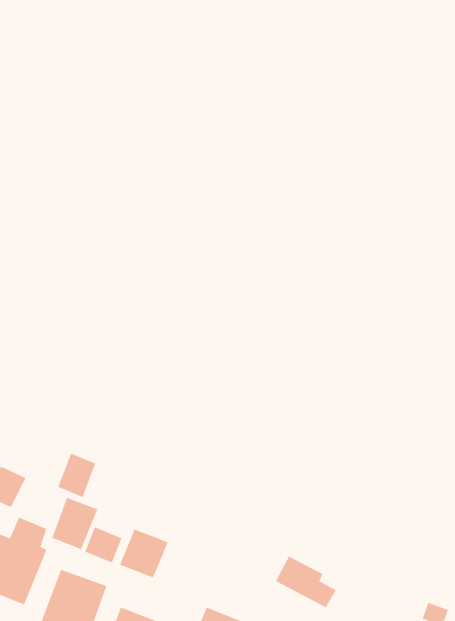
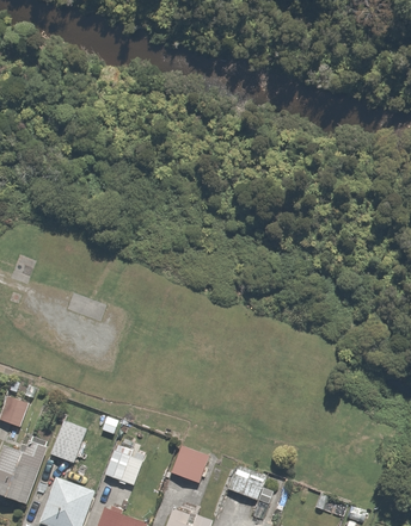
building: [58,453,96,498] -> none
building: [85,527,122,563] -> none
building: none -> [168,445,209,483]

